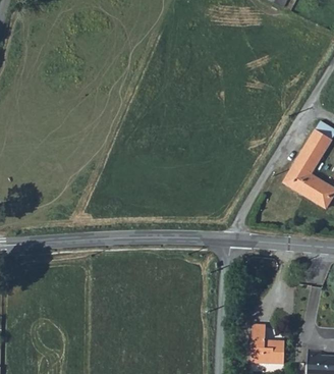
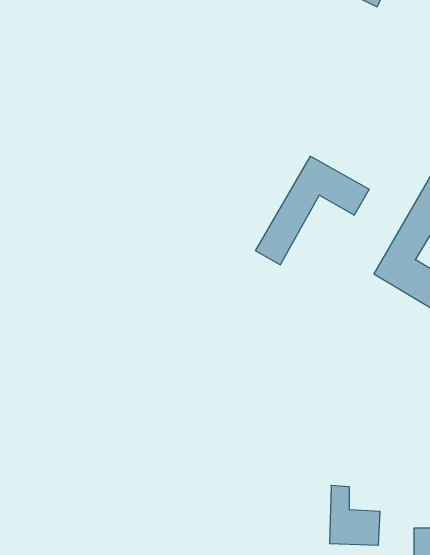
building: none -> [256,156,369,265]

